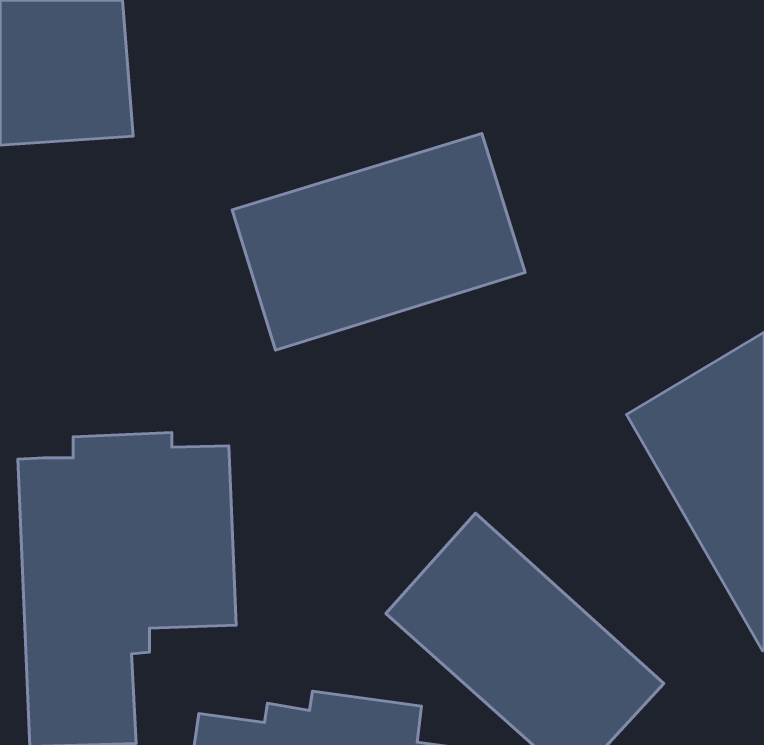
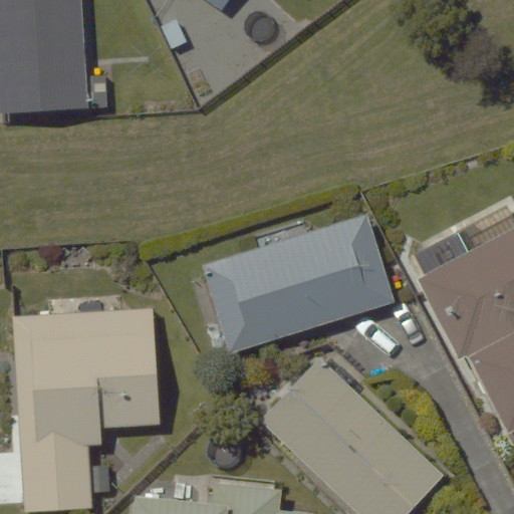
building: [232,133,525,350] -> [198,211,395,356]

